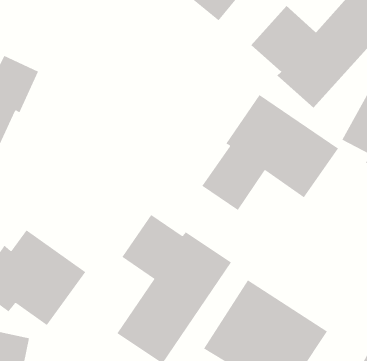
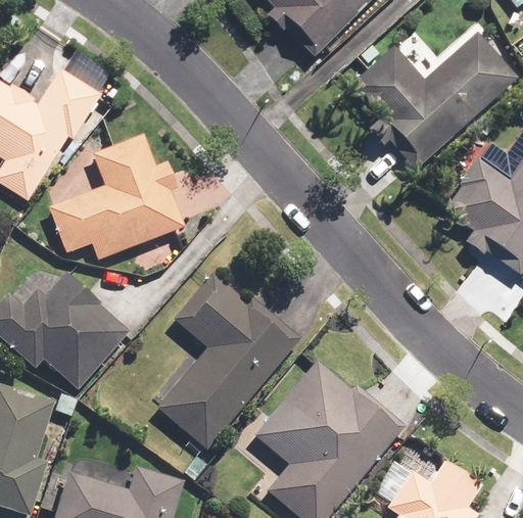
building: [202,94,339,211] -> none
building: none -> [48,134,184,260]

